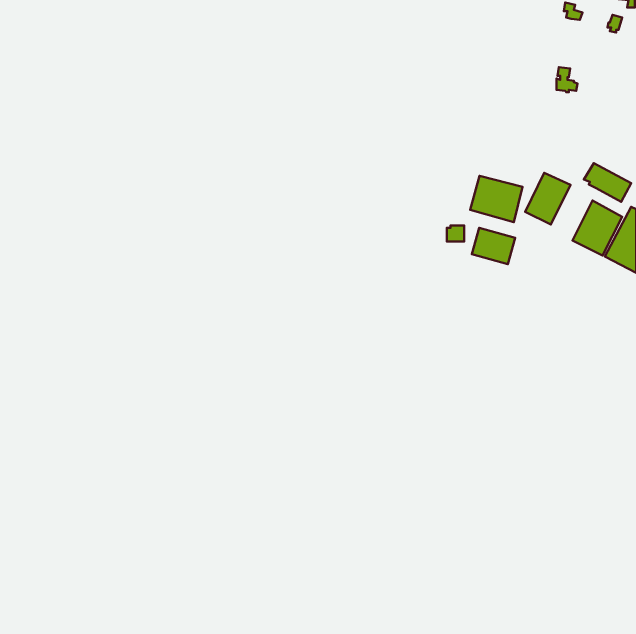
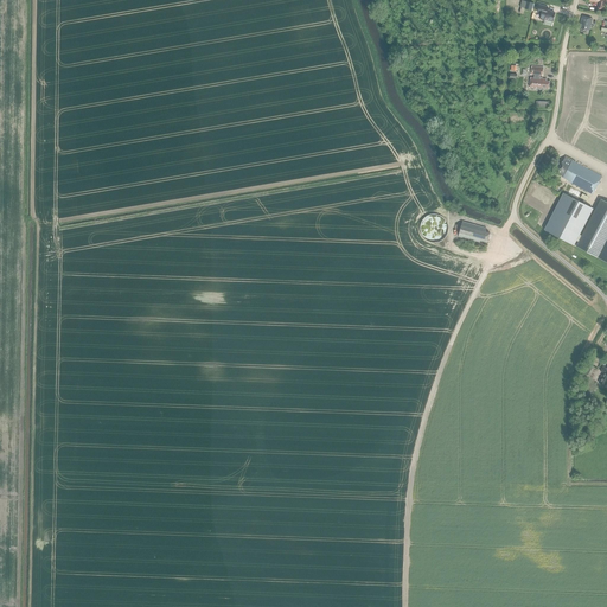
building: [525,173,570,225] -> none
building: [470,176,522,222] -> none

